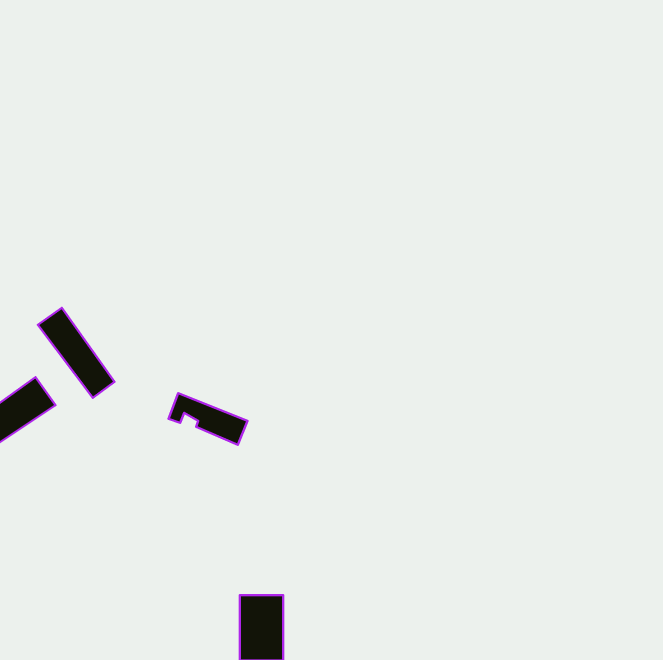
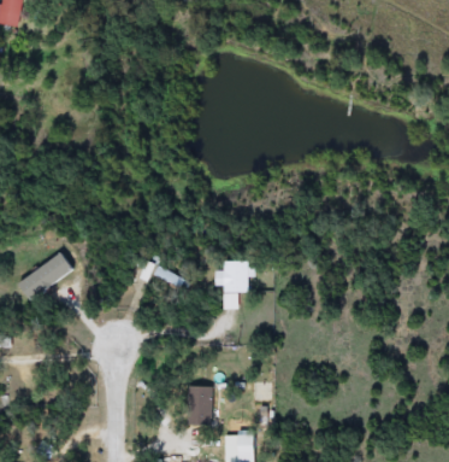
building: [38,308,115,398] -> none
building: none -> [224,261,248,308]

